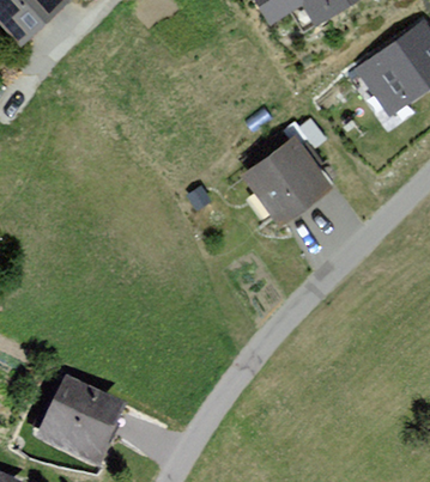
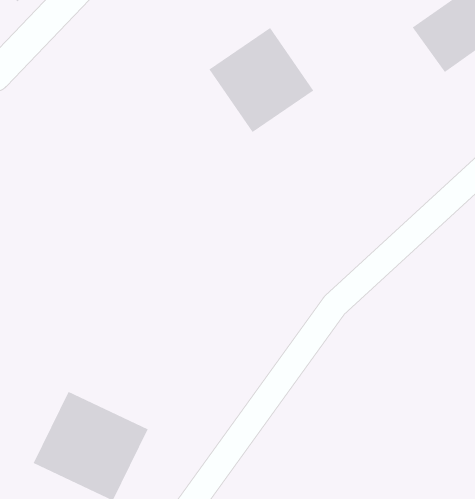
building: [242,136,332,226] -> [208,27,314,133]

